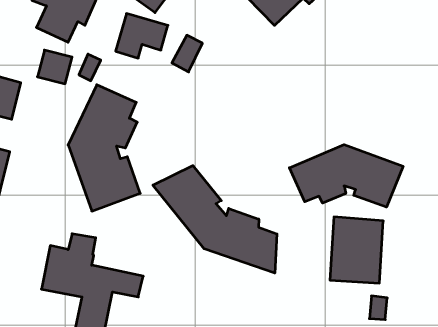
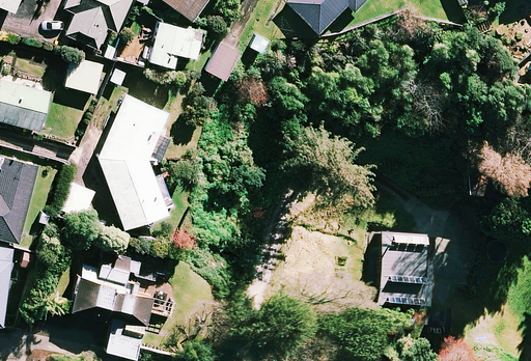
building: [289,145,403,207] -> none
building: [153,166,277,273] -> none

